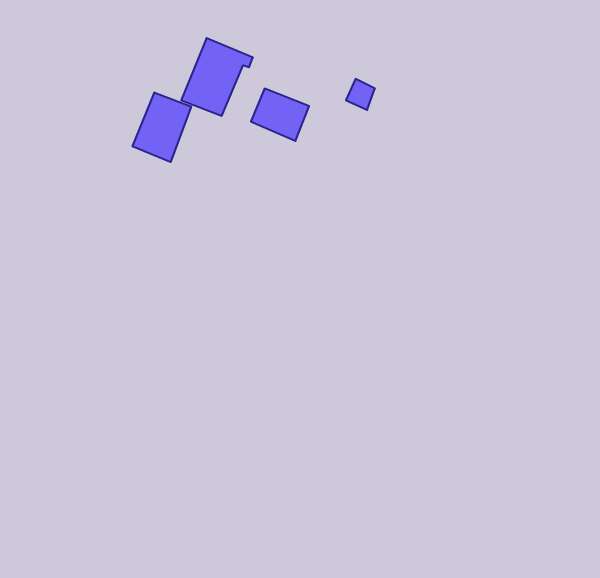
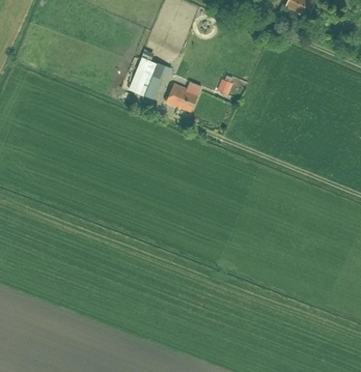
building: [133,92,191,162] -> none

